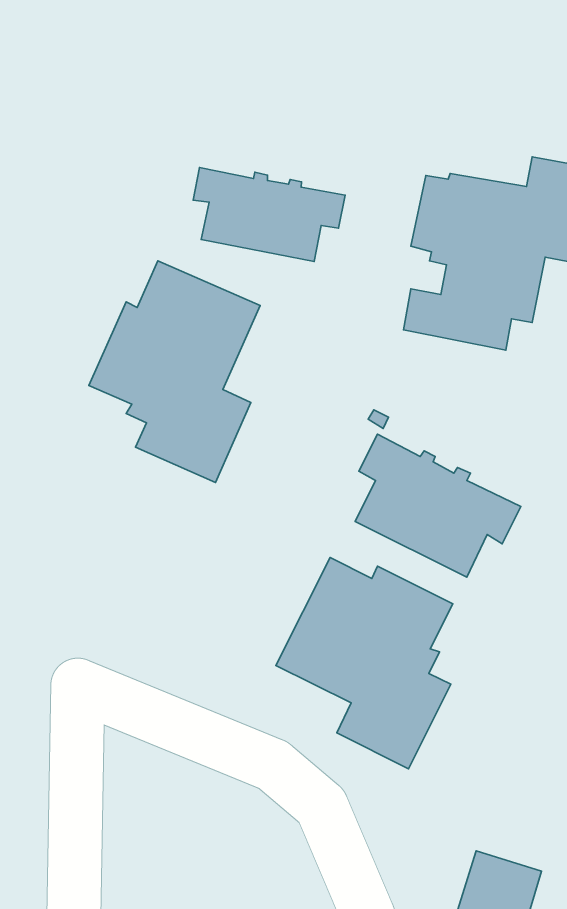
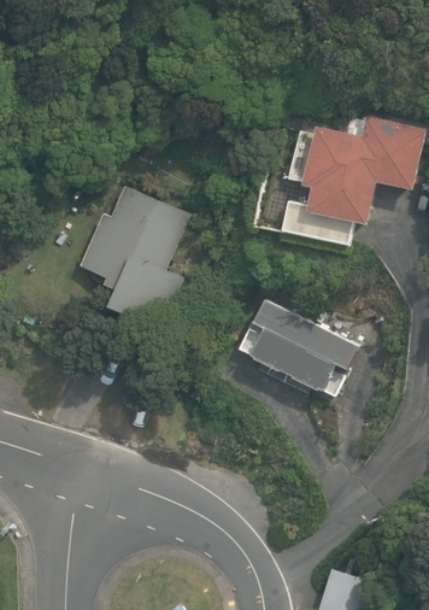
building: [193,167,345,262] -> none
building: [276,558,453,769] -> none

